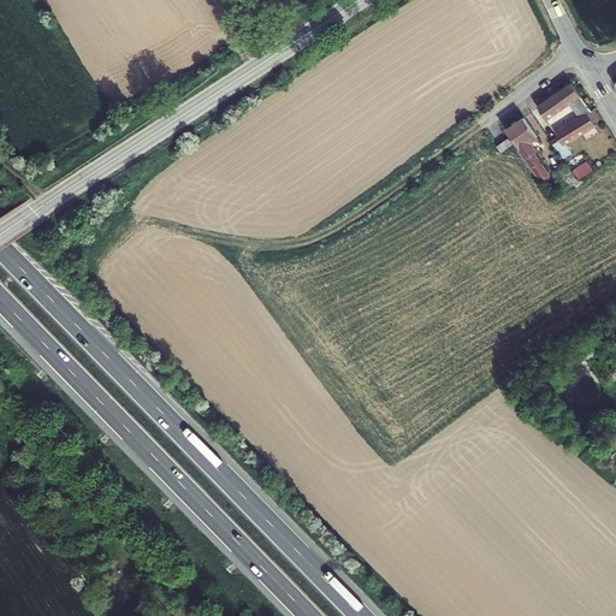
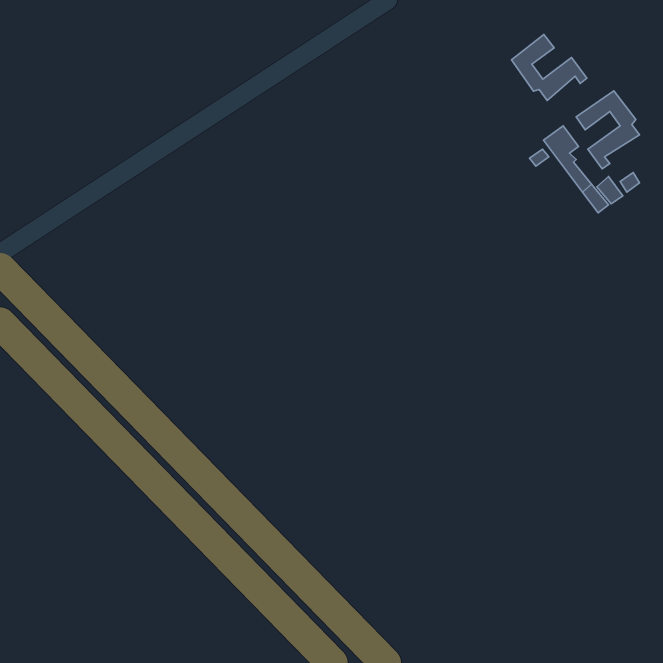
building: none -> [512,35,587,101]

